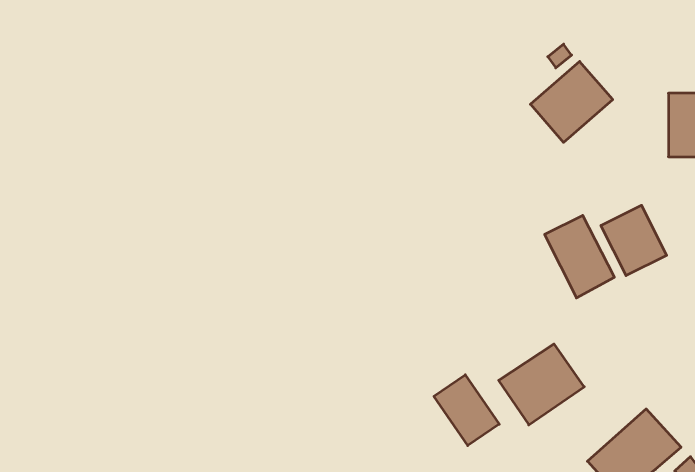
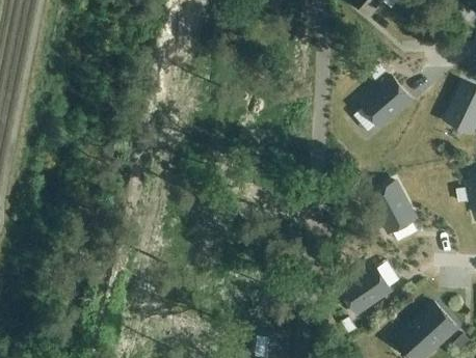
building: [601,205,667,276] -> none
building: [434,375,499,446] -> none

